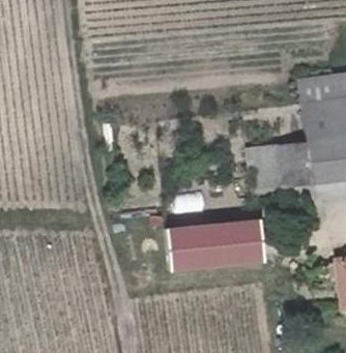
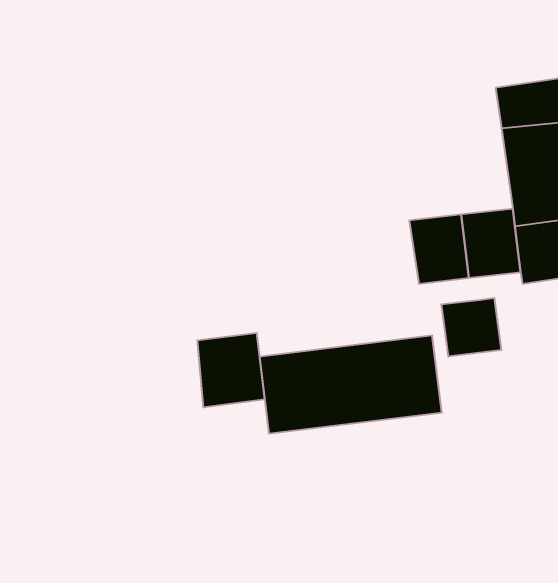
building: none -> [442,298,501,357]
building: none -> [197,333,265,408]

